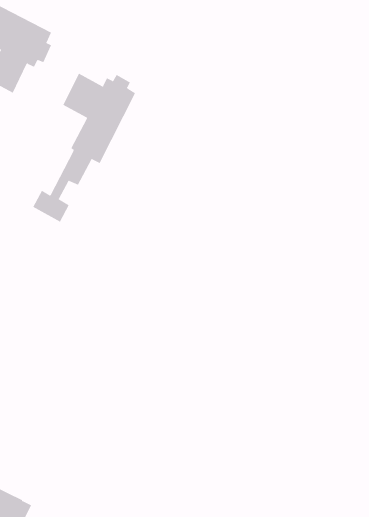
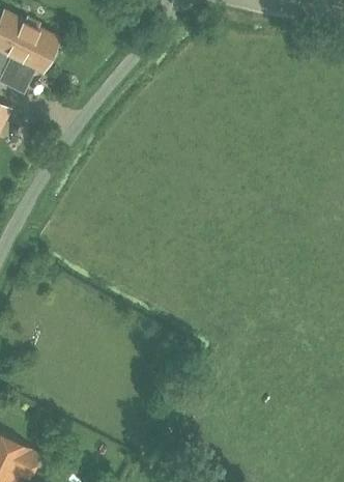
building: [32,73,136,222] -> none

